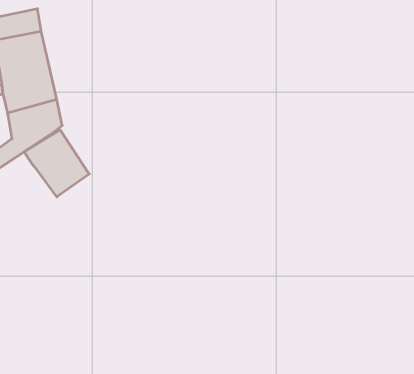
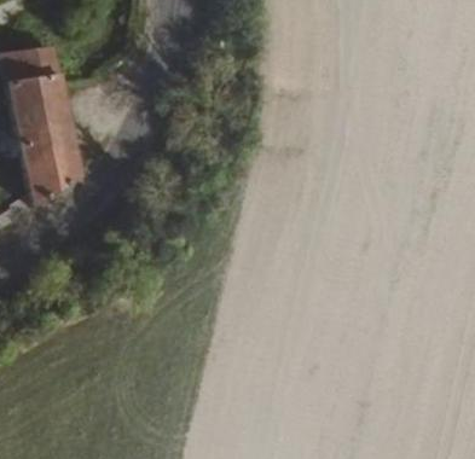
building: [24,130,89,197] -> none

